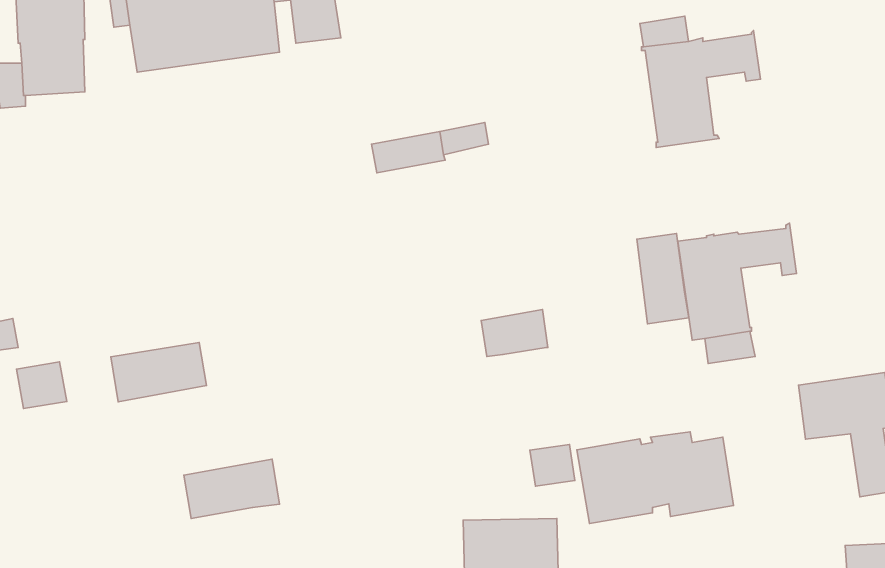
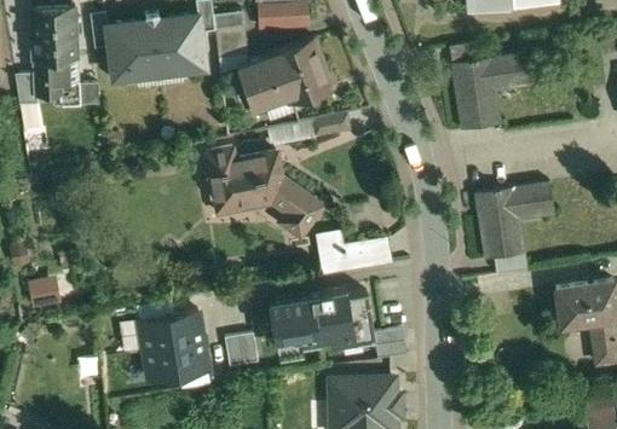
building: none -> [238,40,335,110]
building: none -> [208,151,324,228]
building: [637,233,689,324] -> none
building: none -> [318,232,347,276]
building: [111,342,206,402] -> [139,312,203,352]
building: [577,432,734,524] -> [270,290,375,352]
building: none -> [226,336,258,367]

